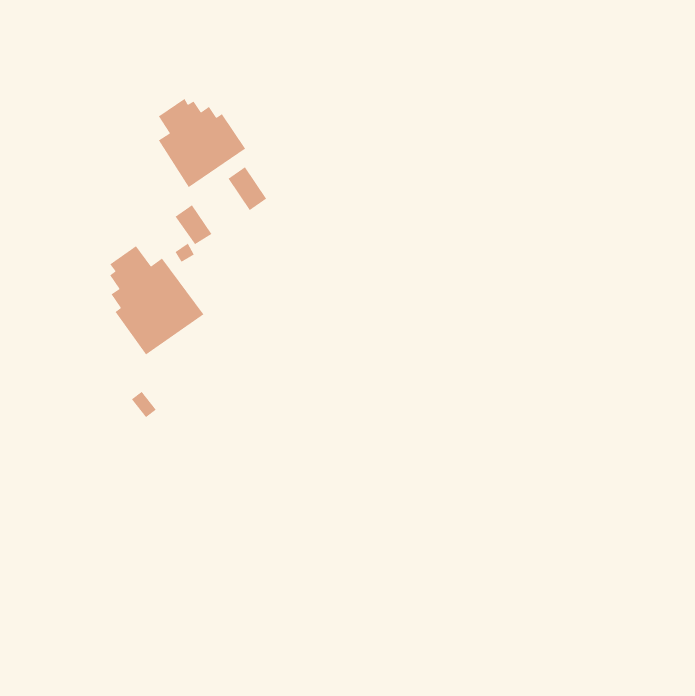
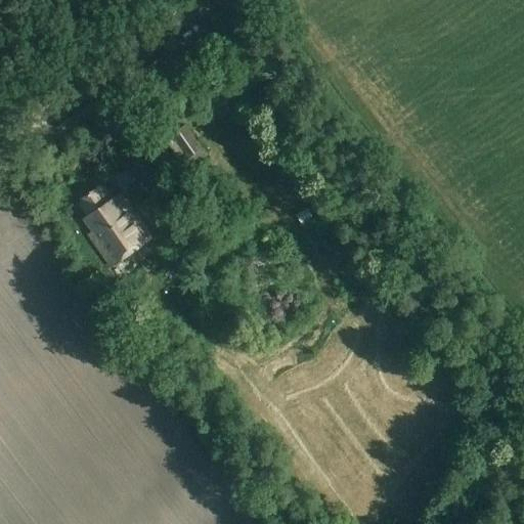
building: [158,98,246,188] -> none

